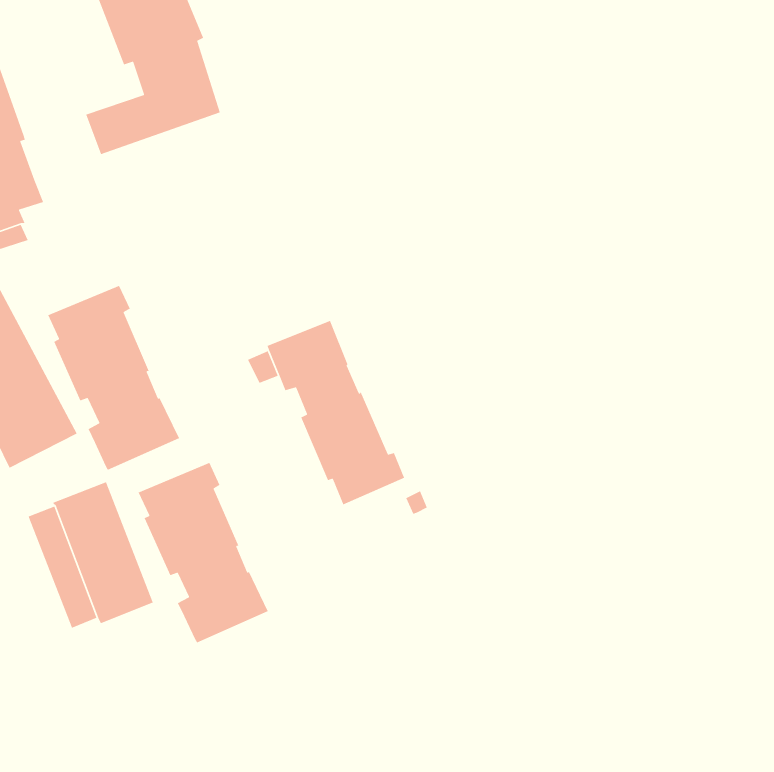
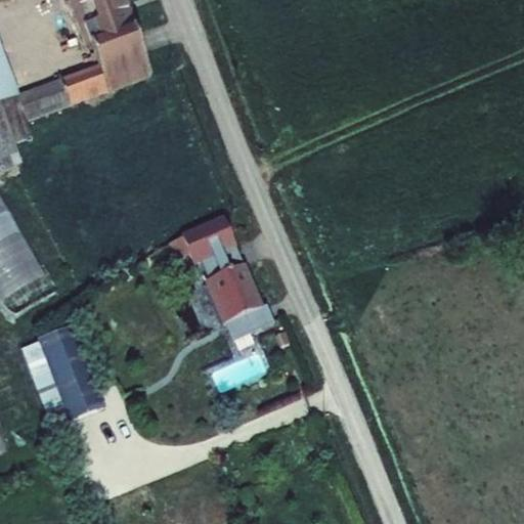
building: none -> [14,77,68,121]
building: [47,285,180,471] -> none
building: [138,462,269,644] -> none

